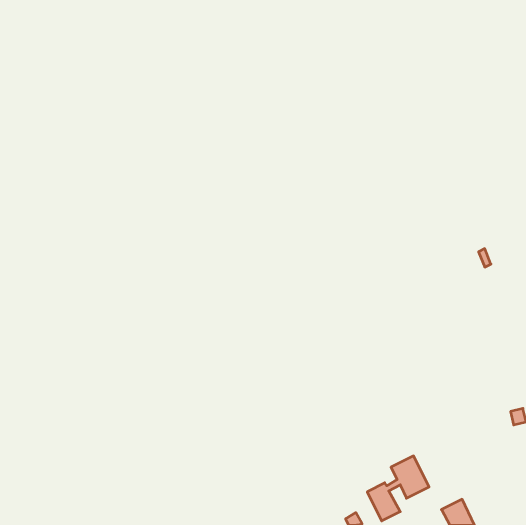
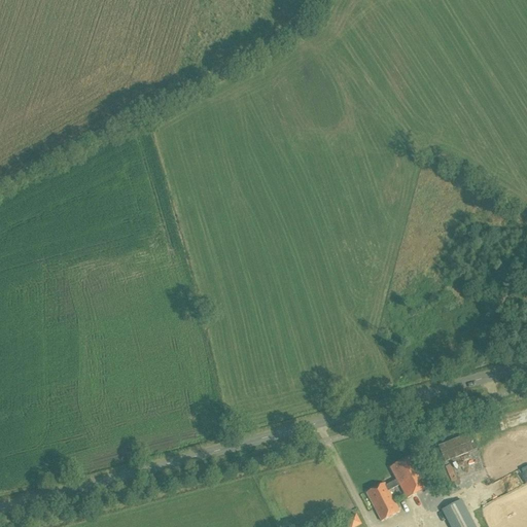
building: none -> [437,432,476,461]

